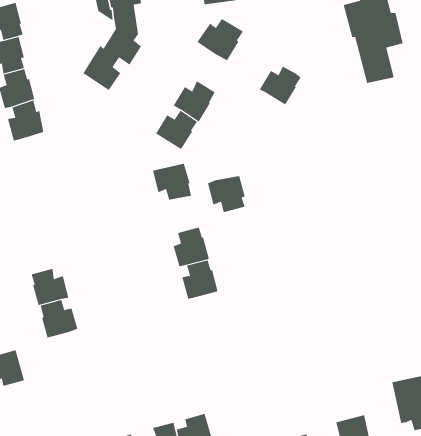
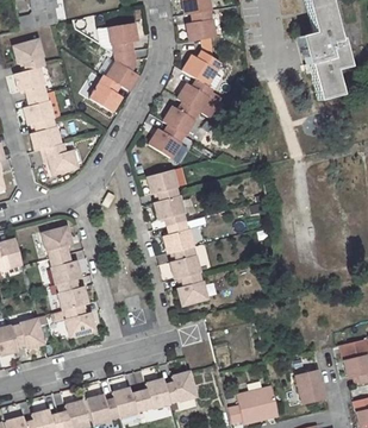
building: [259,66,302,106] -> [179,81,213,113]
building: none -> [45,144,77,174]
building: [207,174,245,213] -> [155,194,186,225]
building: none -> [42,226,71,258]
building: none -> [179,272,208,304]
building: none -> [64,304,95,335]

